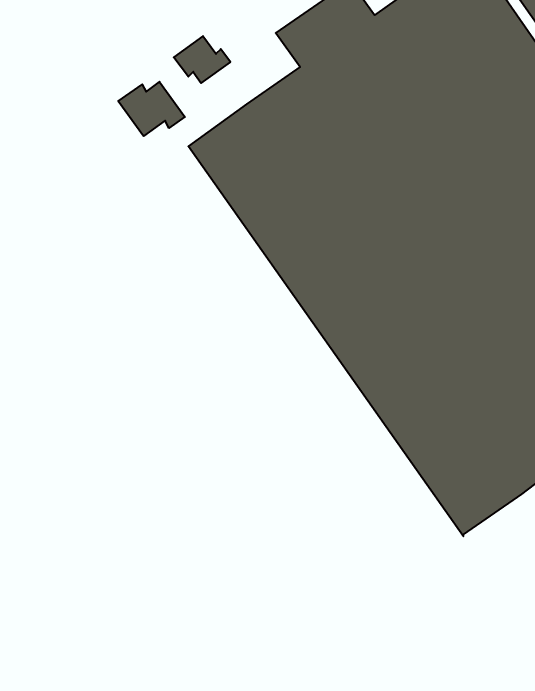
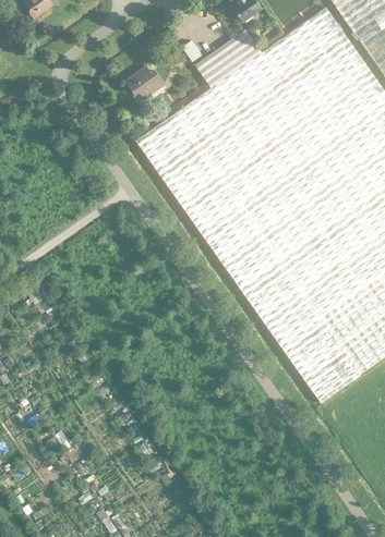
building: [118,82,185,136] -> none

